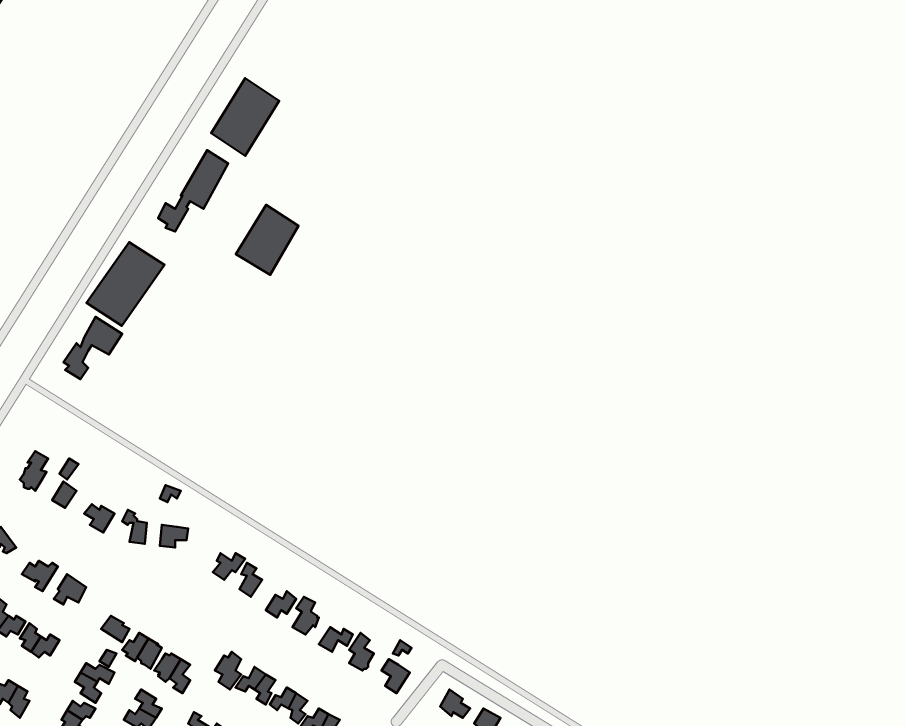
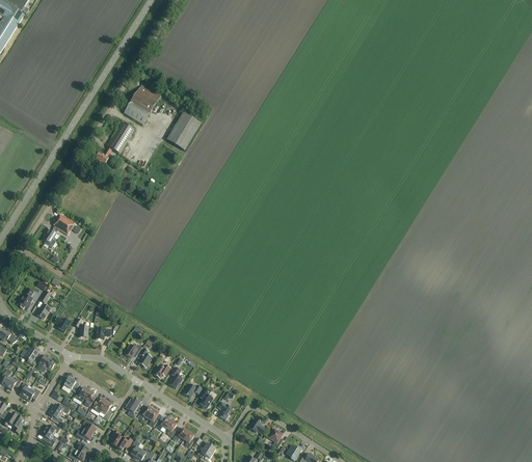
building: [236,205,298,275] -> [166,111,201,150]
building: [87,242,164,326] -> none

